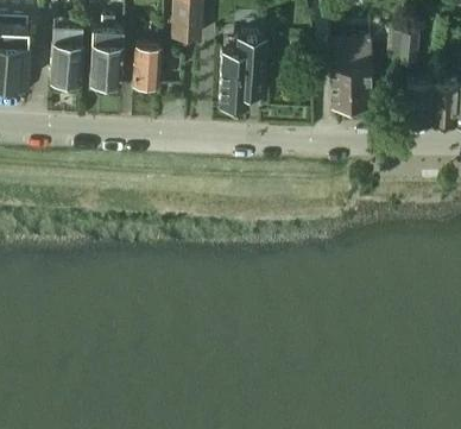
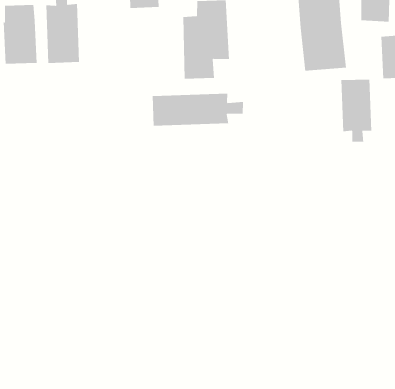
building: [133,45,162,87] -> none
building: none -> [341,79,372,143]
building: none -> [152,93,244,127]

